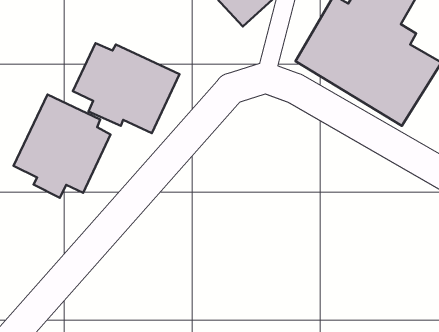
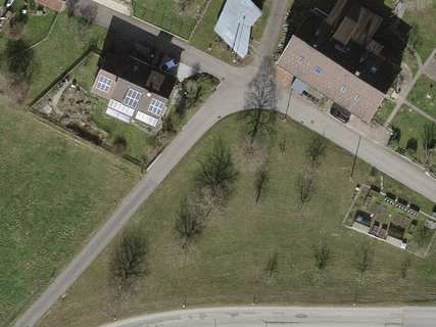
building: [14,94,110,198] -> none

